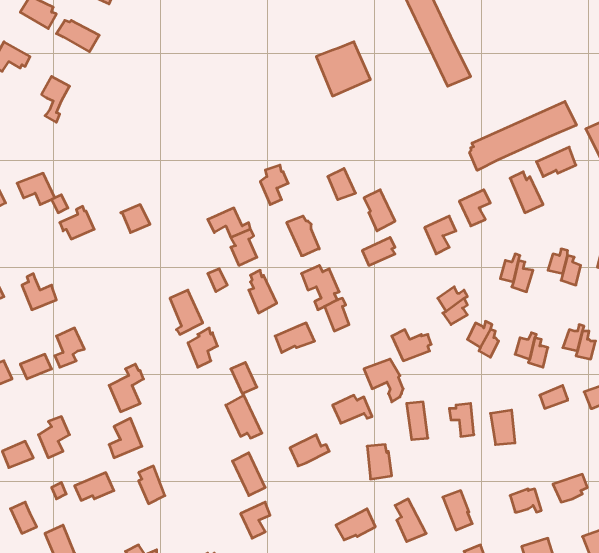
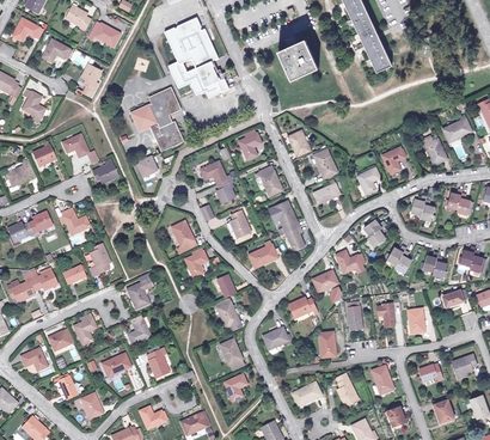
building: none -> [164,19,227,98]
building: [470,101,576,170] -> none
building: none -> [134,88,185,152]

